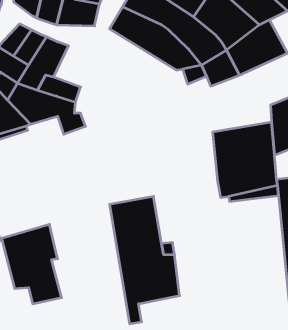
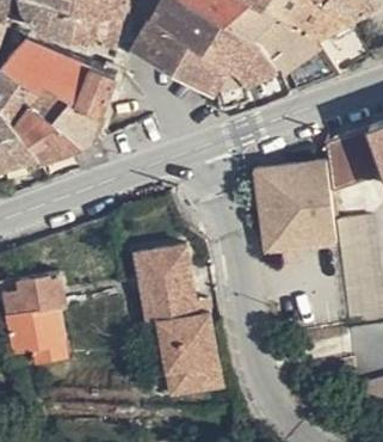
building: none -> [67,65,113,113]
building: none -> [168,362,221,393]

